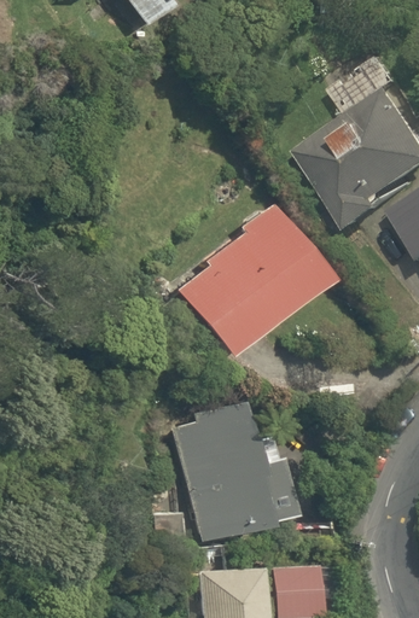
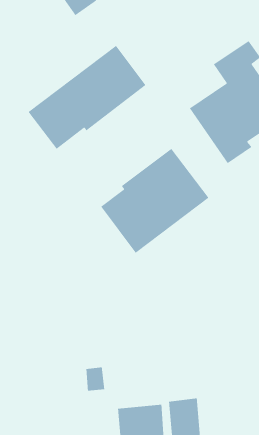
building: none -> [27,45,147,150]
building: [168,401,295,541] -> none

